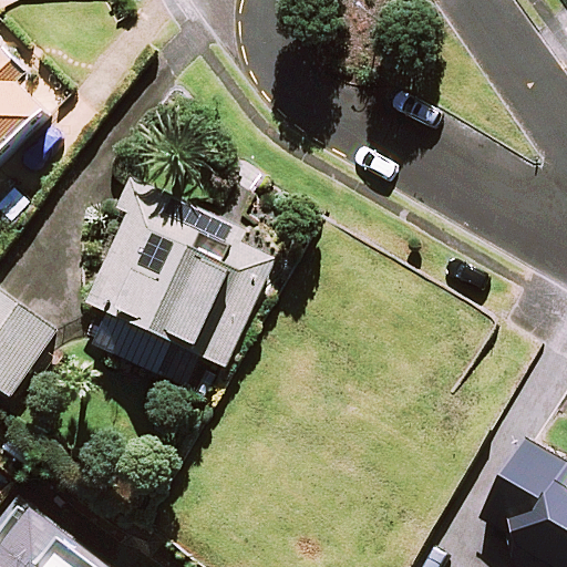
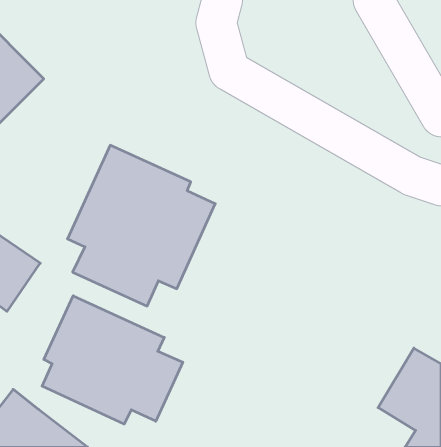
building: none -> [42,296,183,424]

